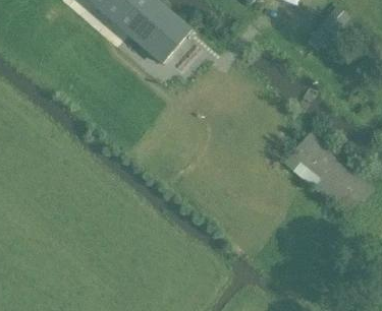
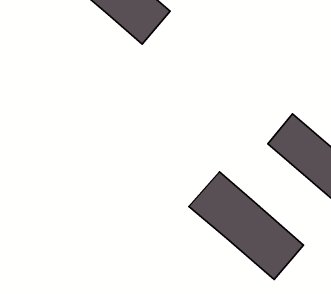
building: none -> [189,172,304,280]

